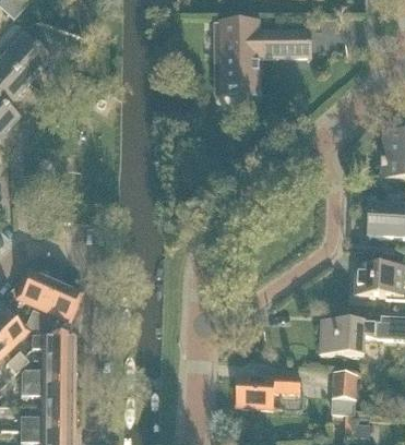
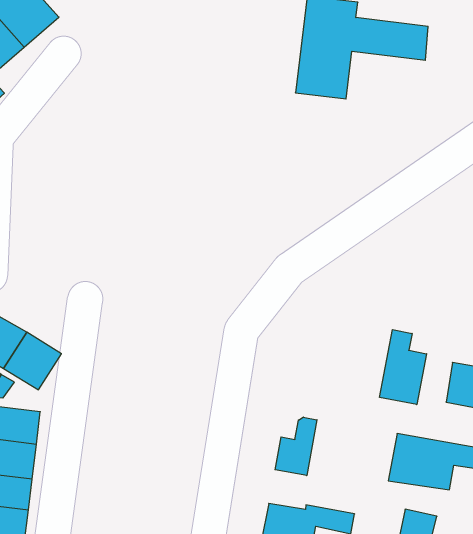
building: none -> [380,330,427,405]
building: none -> [275,417,317,476]

